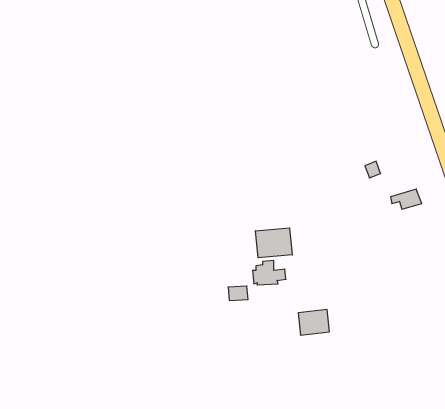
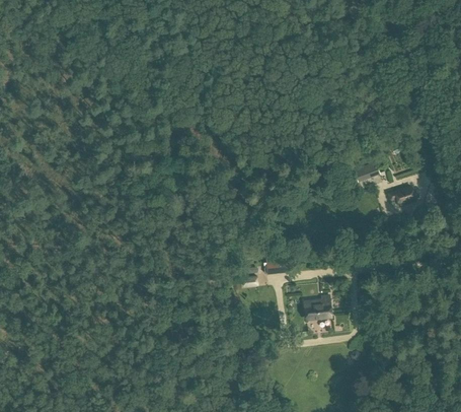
building: [256,228,292,258] -> none

